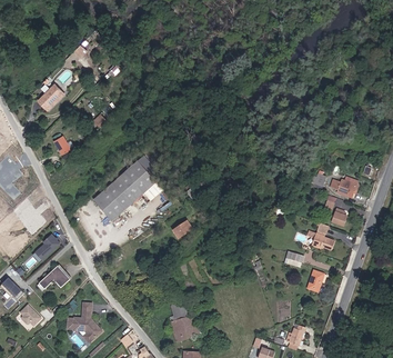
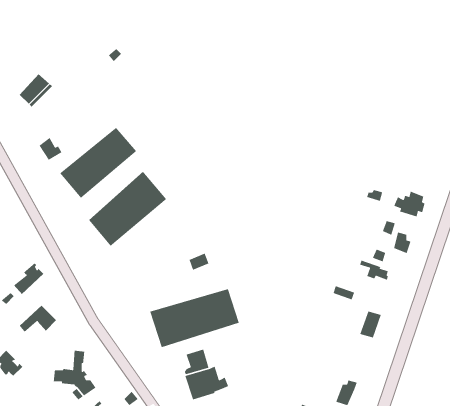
building: none -> [59,127,137,199]
building: none -> [149,288,240,348]

